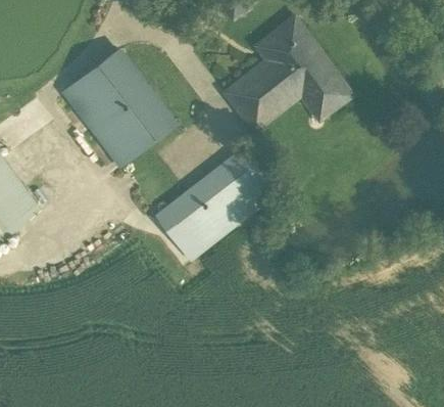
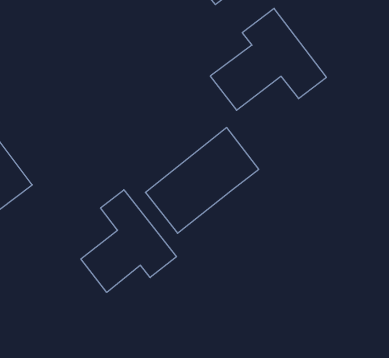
building: [59,49,176,169] -> none
building: none -> [81,190,176,292]

